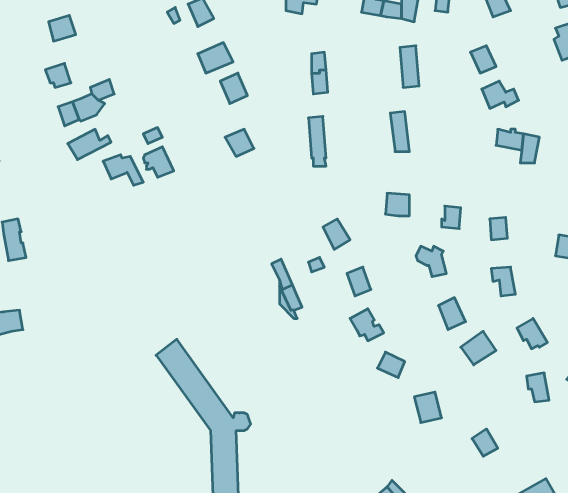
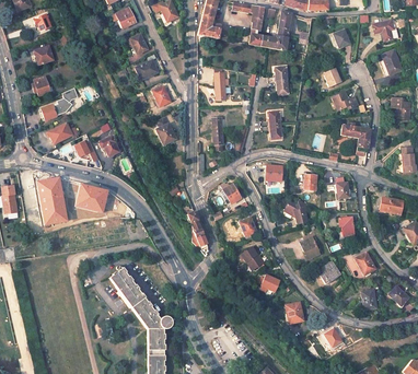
building: none -> [37,177,68,226]
building: none -> [76,184,108,213]

